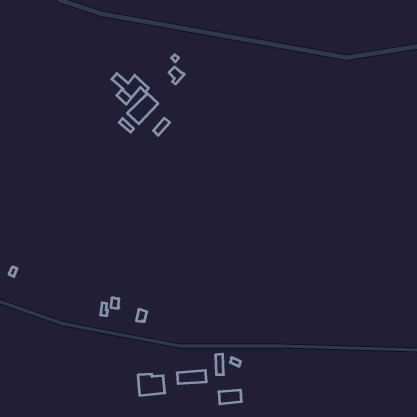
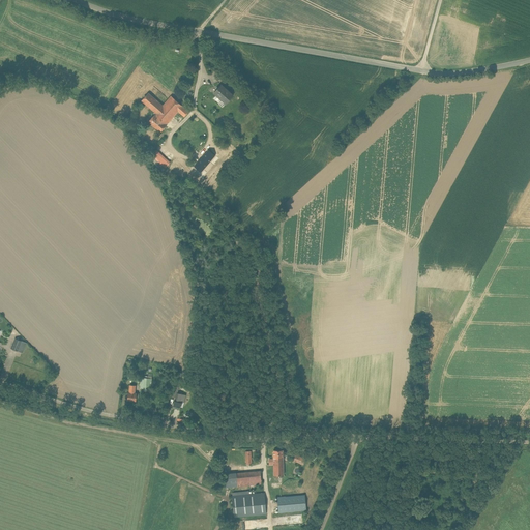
building: [127,93,158,124] -> none
building: [138,374,165,395] -> [232,491,266,518]

